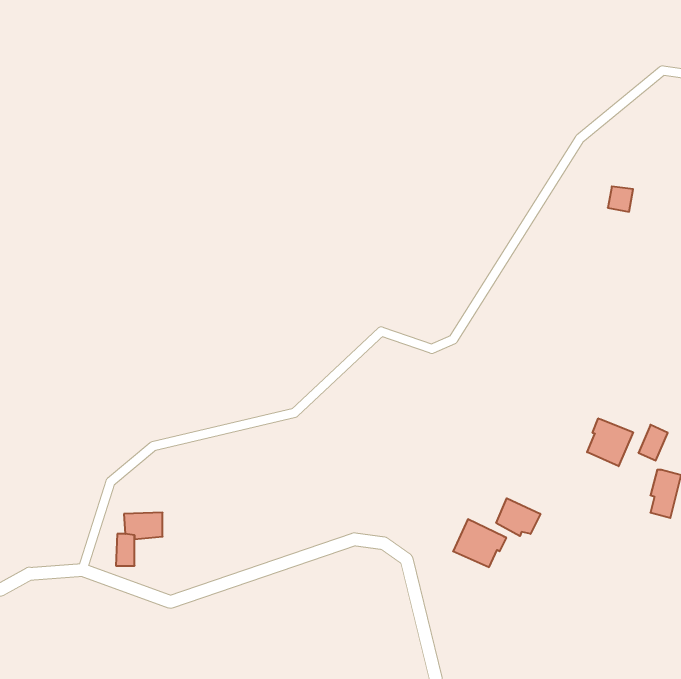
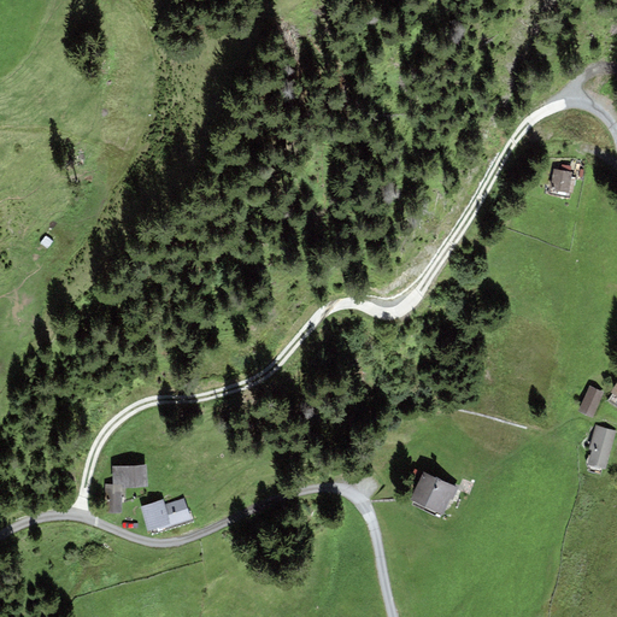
building: [587,418,633,466] -> none
building: [496,498,540,536] -> none
building: none -> [140,498,192,533]

